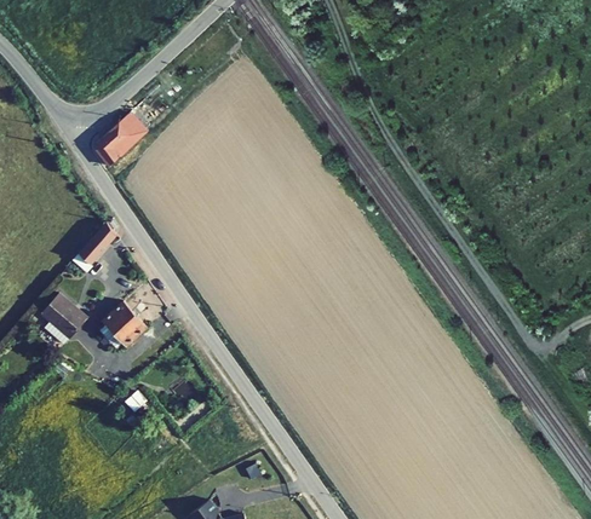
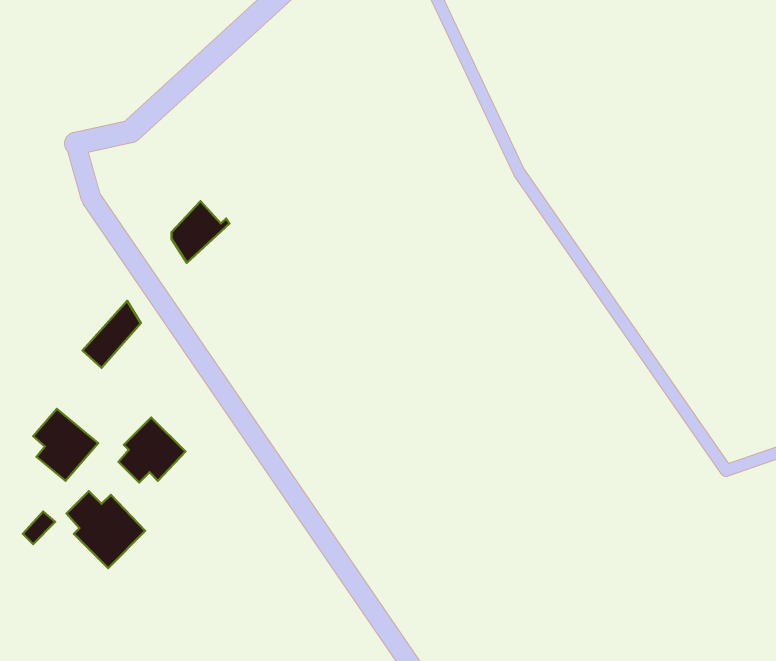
building: [104,111,145,155] -> [171,201,230,263]
building: none -> [67,491,145,568]

